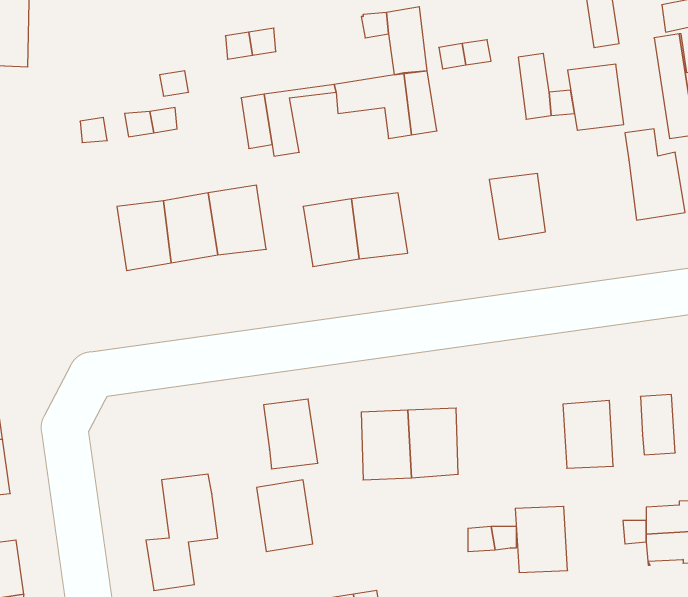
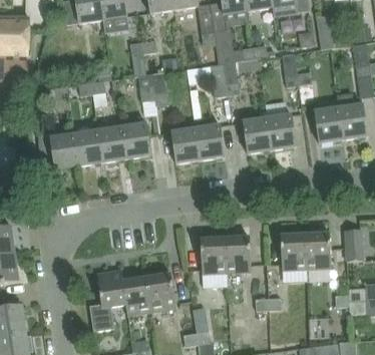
building: [568,64,624,130] -> [314,107,343,141]
building: none -> [243,117,272,151]
building: none -> [38,131,79,167]
building: [264,399,318,469] -> [123,277,151,313]
building: [515,506,568,572] -> [280,234,307,268]

